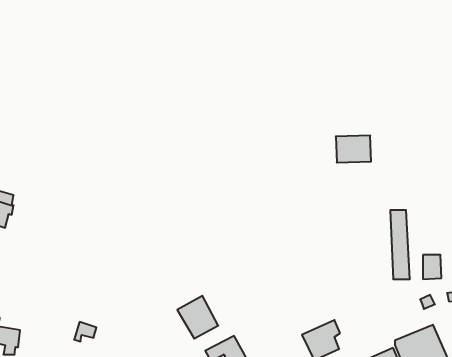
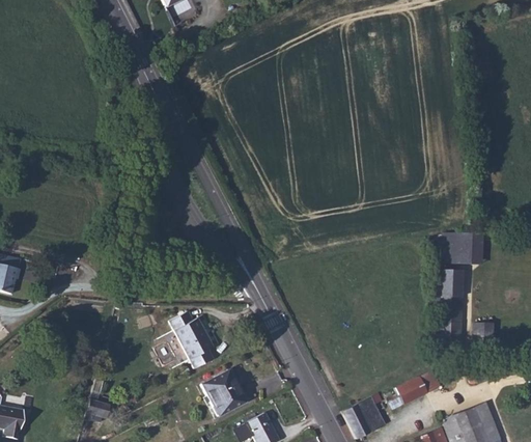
building: [336,136,371,163] -> [439,233,478,264]
building: none -> [169,311,219,367]
building: none -> [392,371,437,406]

